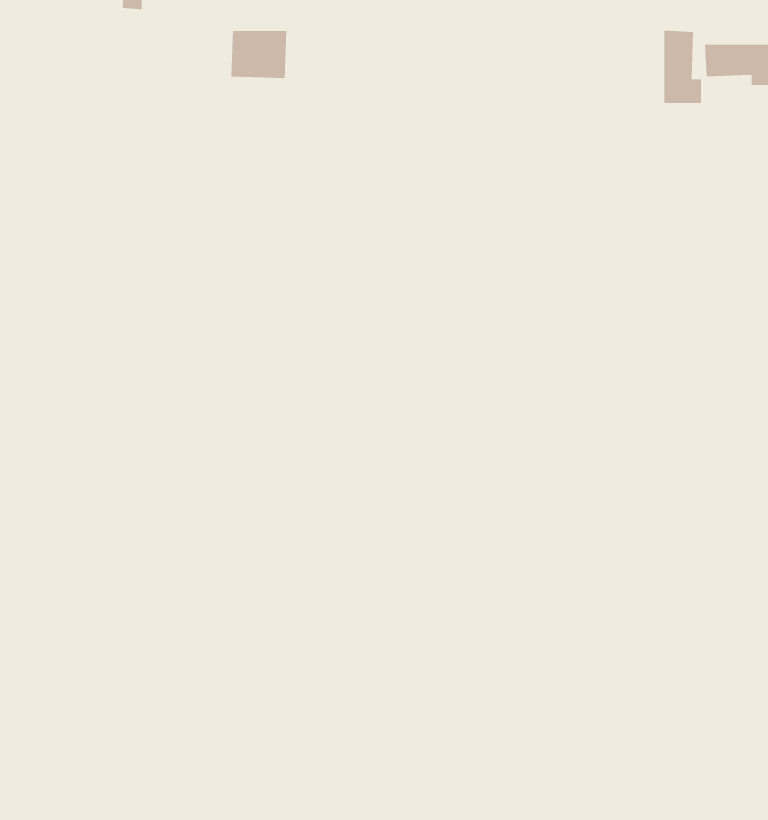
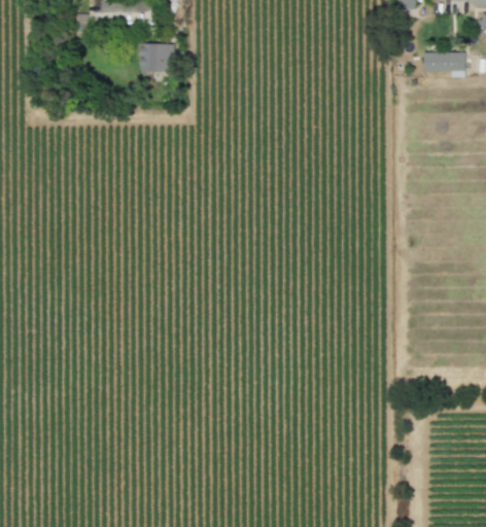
building: [664,30,701,104] -> none

